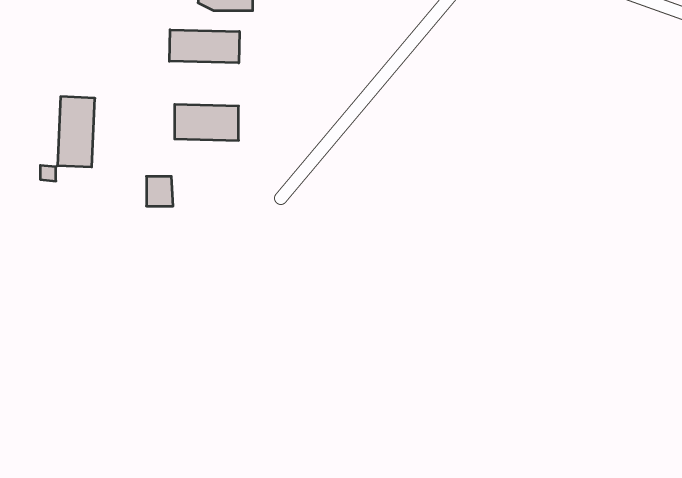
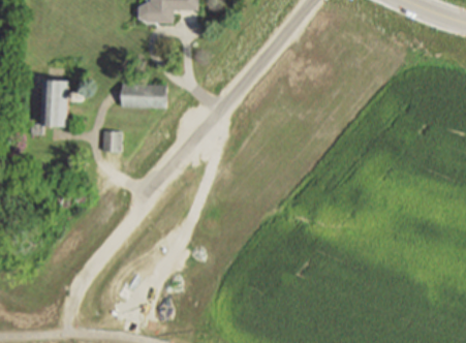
building: [169,30,239,63] -> none

